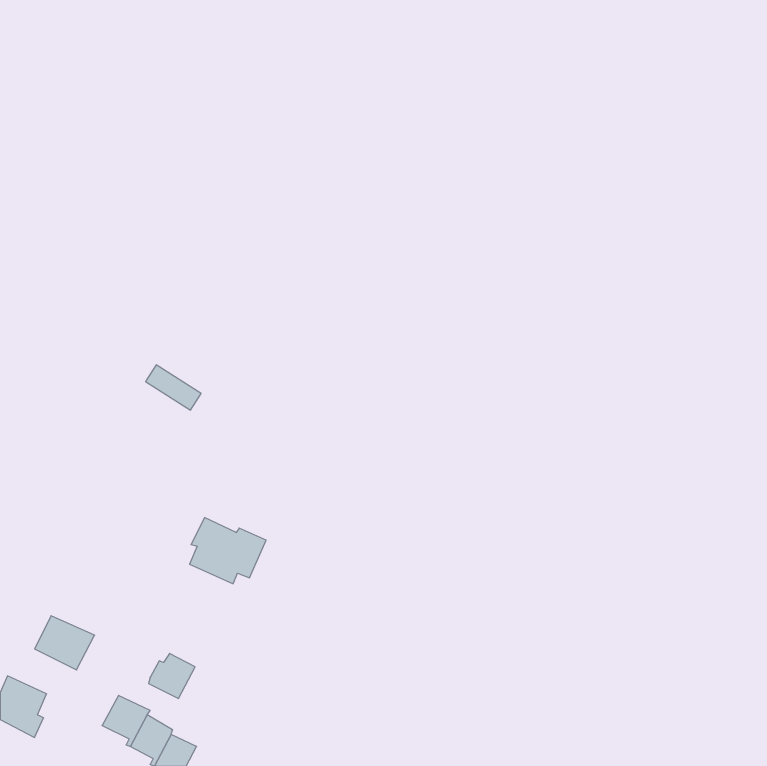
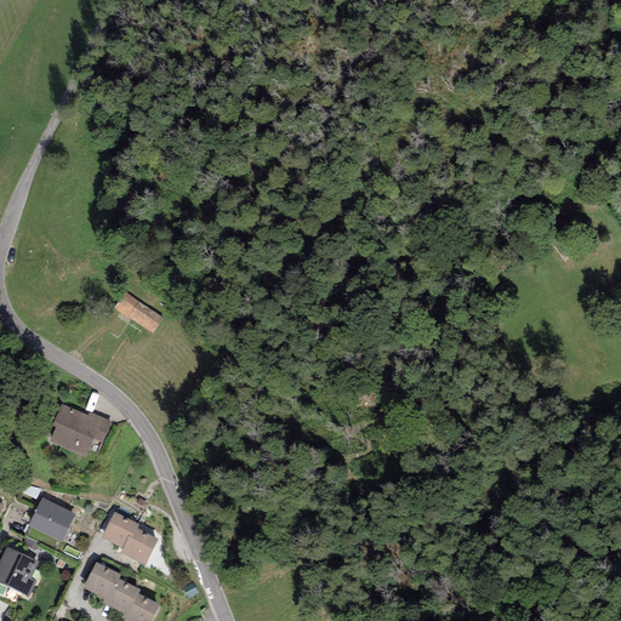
building: [190,518,266,584] -> [50,403,112,456]
building: none -> [101,511,138,547]

